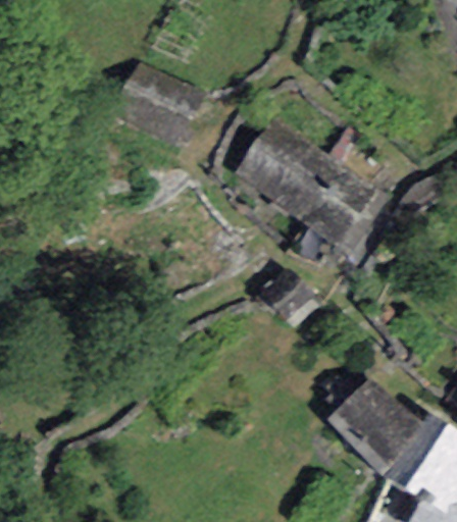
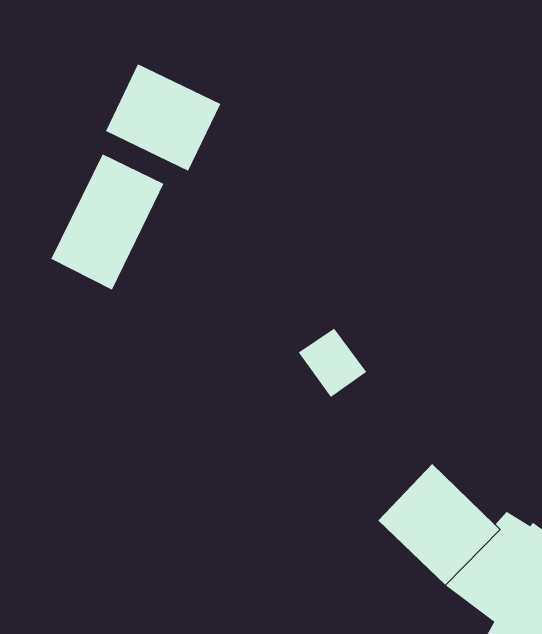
building: [237,117,374,243] -> none
building: none -> [51,154,164,290]

